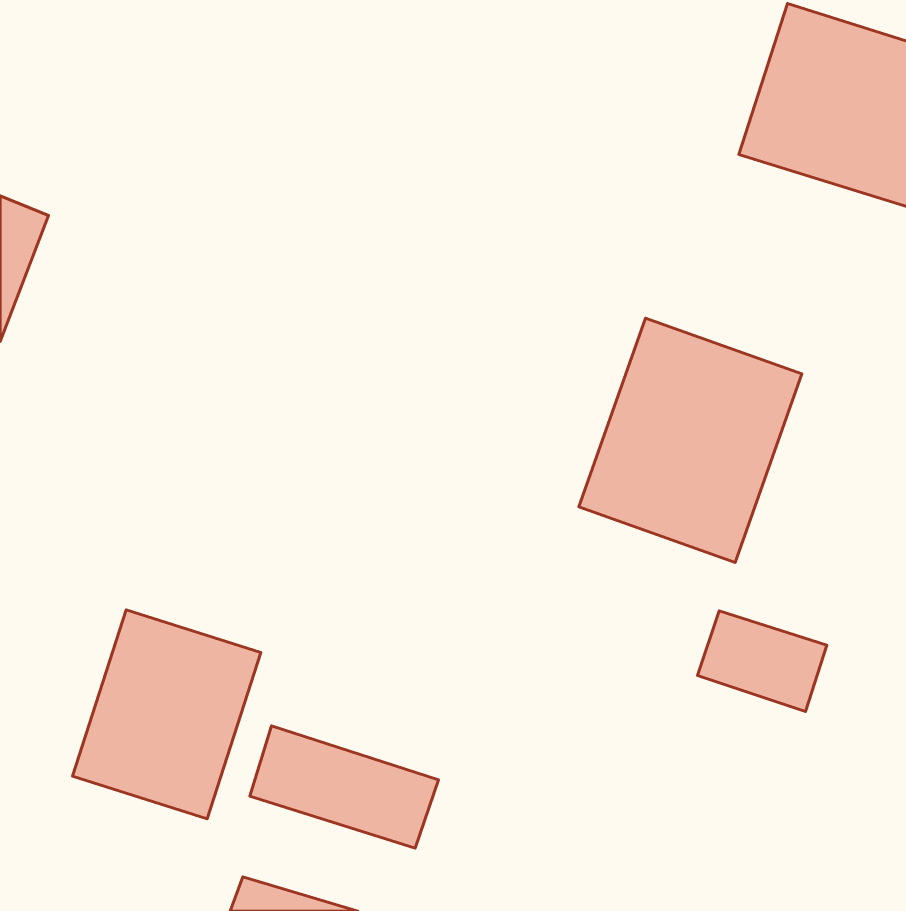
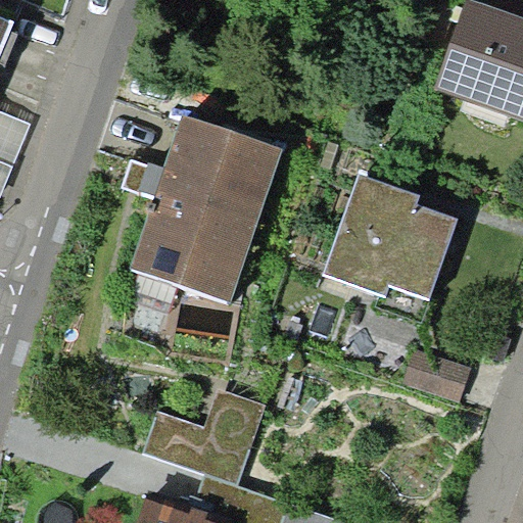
building: none -> [130,115,274,296]
building: [73,610,261,819] -> none

